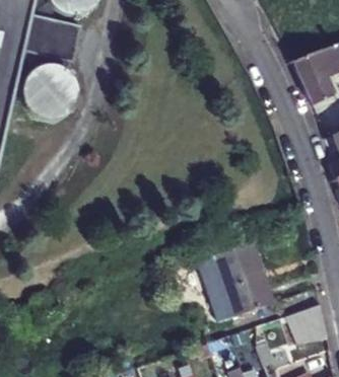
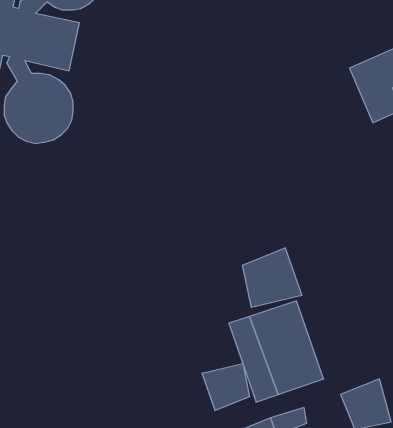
building: none -> [243,248,302,307]
building: none -> [202,364,249,411]

